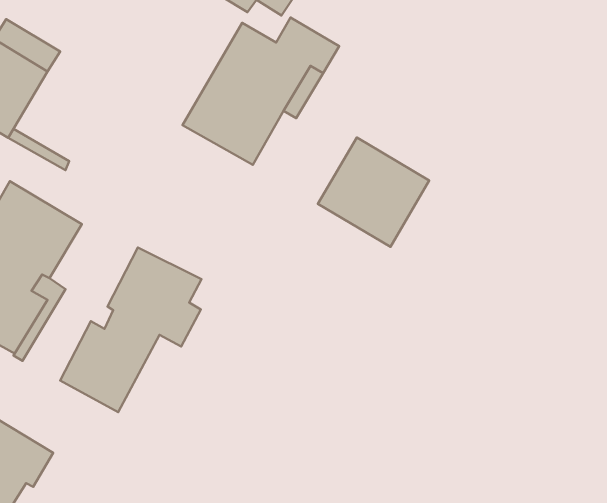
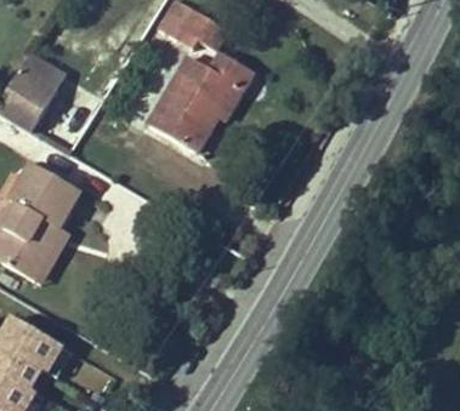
building: [318,138,429,247] -> none
building: [60,247,202,412] -> none

